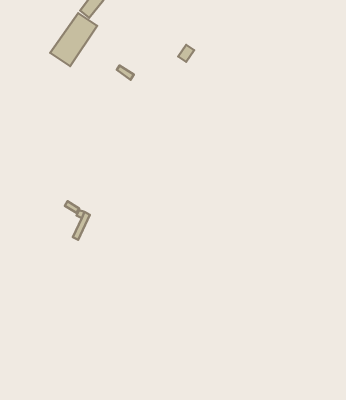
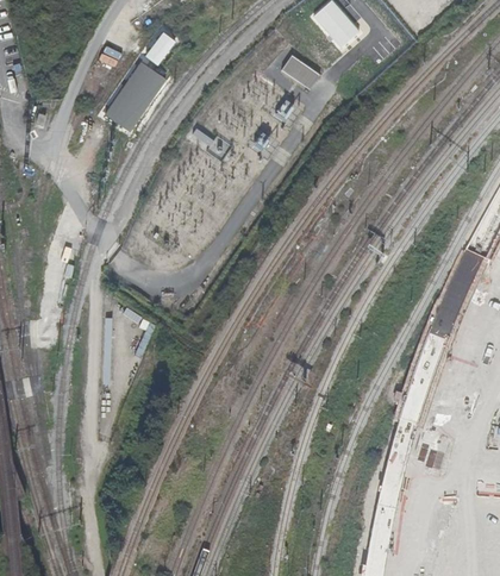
building: none -> [281,57,320,92]

